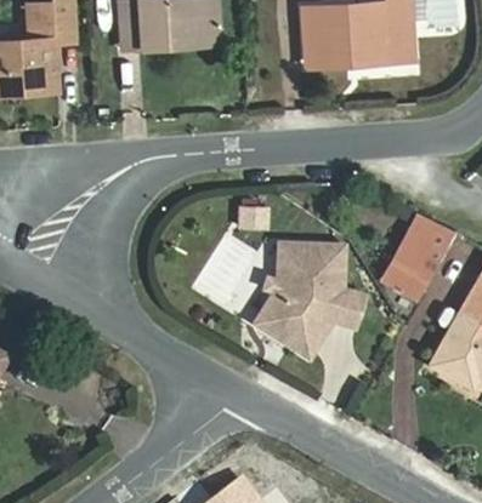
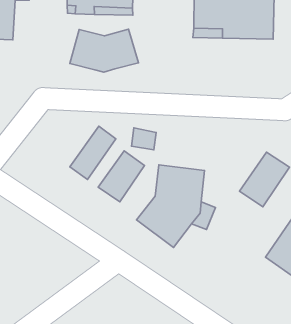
building: none -> [70,29,139,72]
building: none -> [70,126,116,179]

